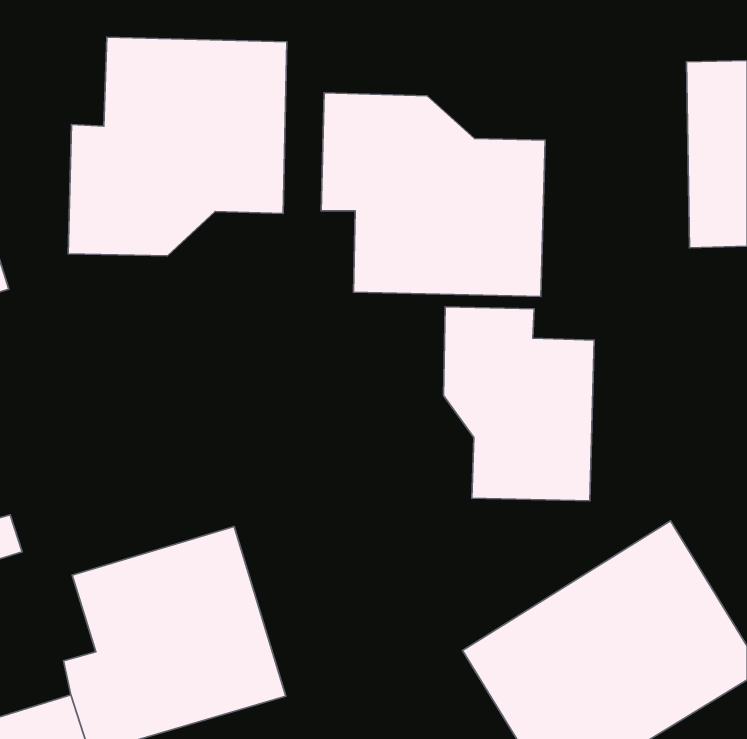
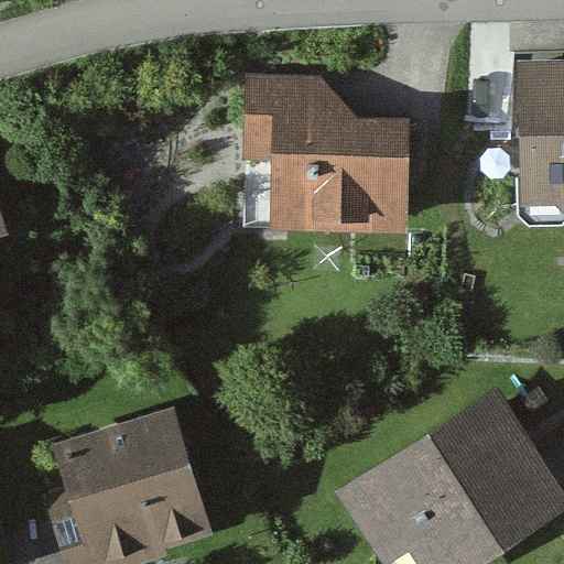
building: [68,37,287,256] -> none
building: [443,307,594,501] -> none

